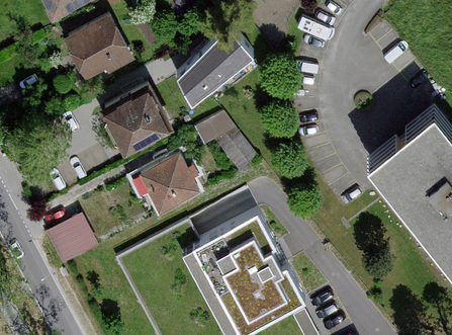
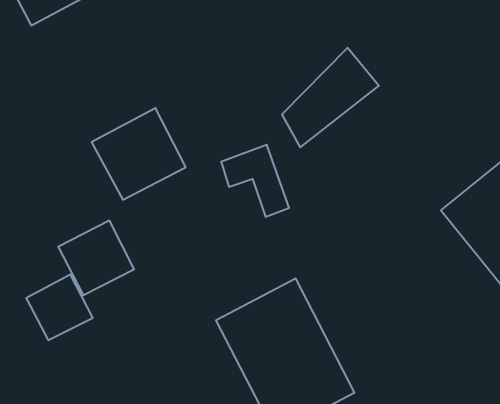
building: [65,17,133,87] -> none
building: [177,28,252,105] -> [282,48,379,147]
building: [141,158,199,216] -> [58,221,134,295]

